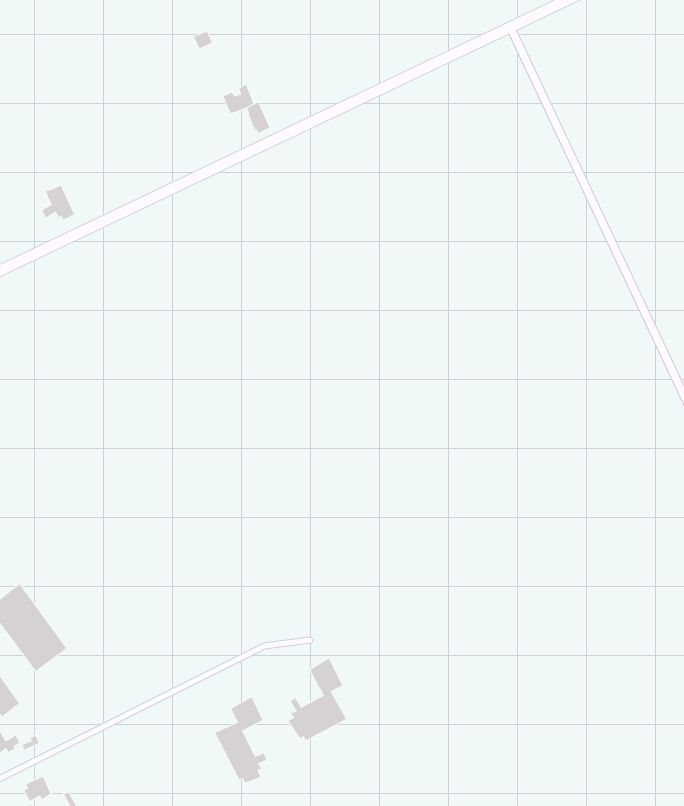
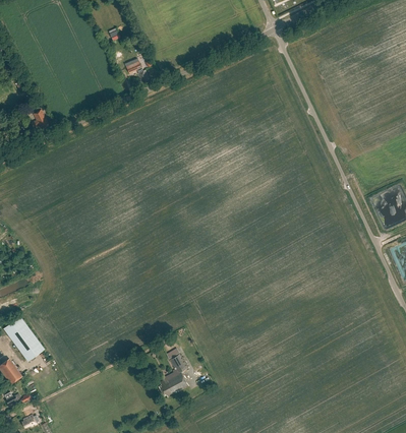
building: [214,697,267,783] -> none

